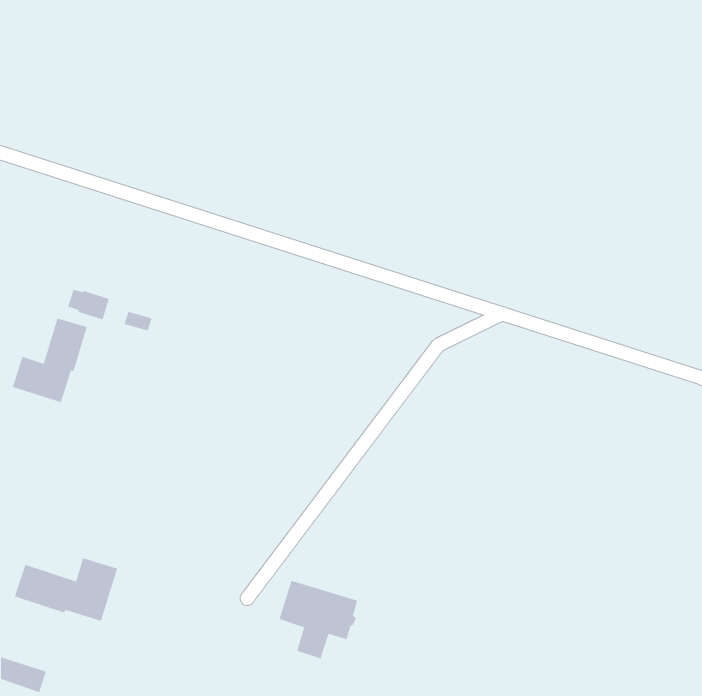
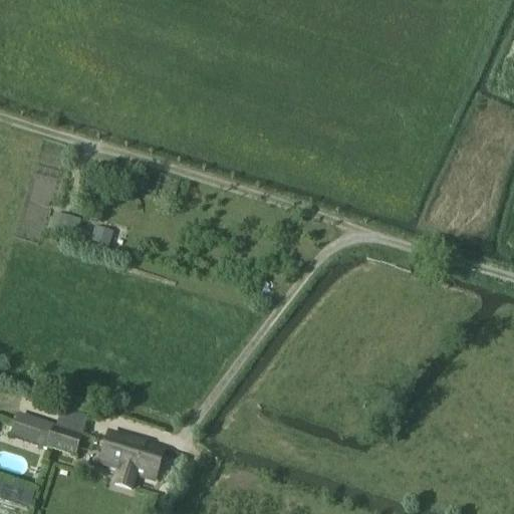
building: [12,318,88,403] -> none
building: [278,580,358,659] -> [99,430,158,488]

